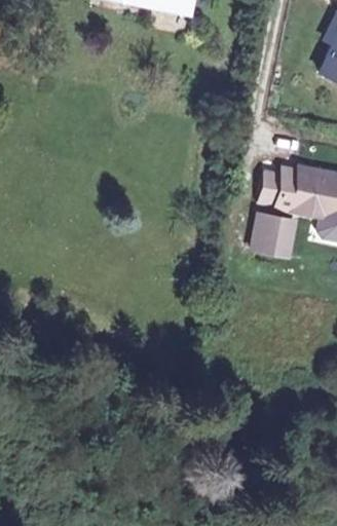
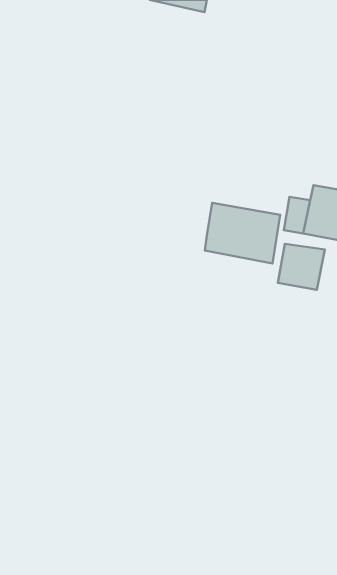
building: none -> [205,203,280,263]

